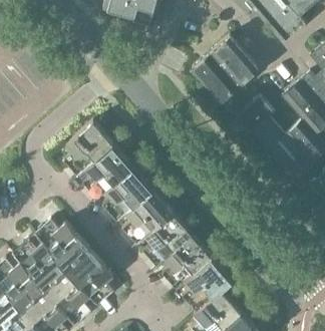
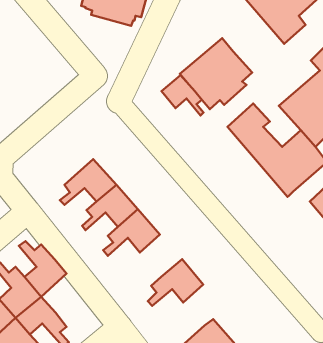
building: none -> [162,75,204,116]
building: [62,123,112,166] -> none
building: [141,215,193,256] -> none
building: [65,250,113,297] -> none
building: [181,260,232,302] -> none

